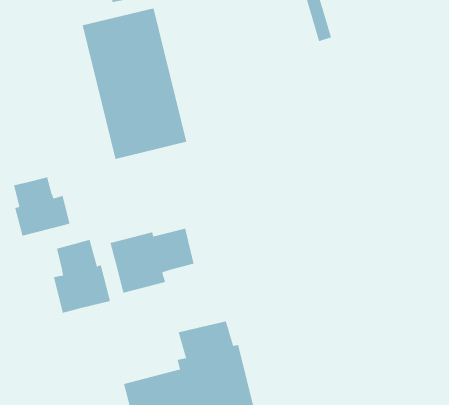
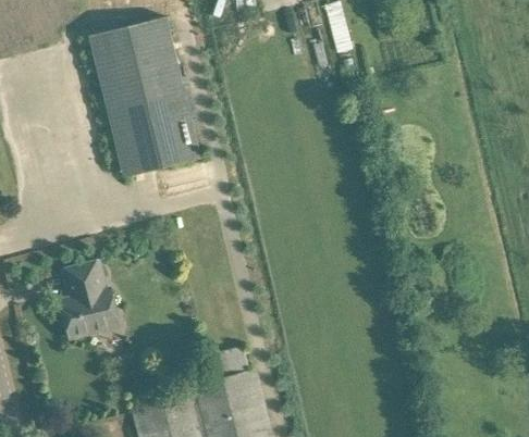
building: [13,176,70,237] -> none
building: [110,228,194,294] -> none

